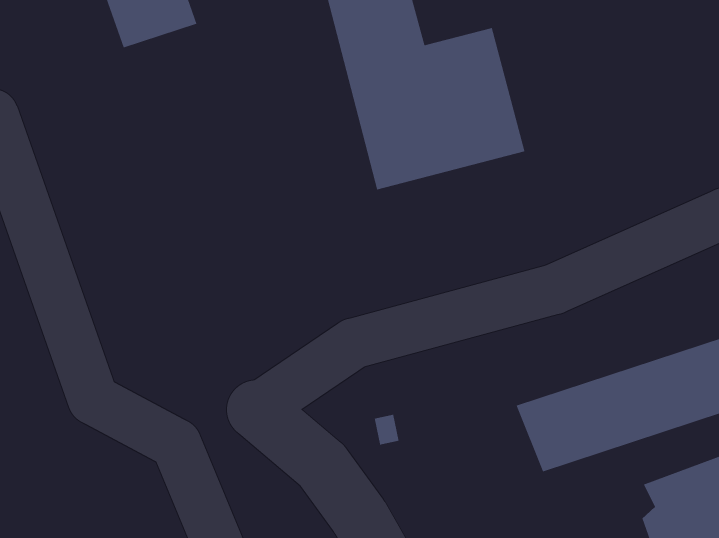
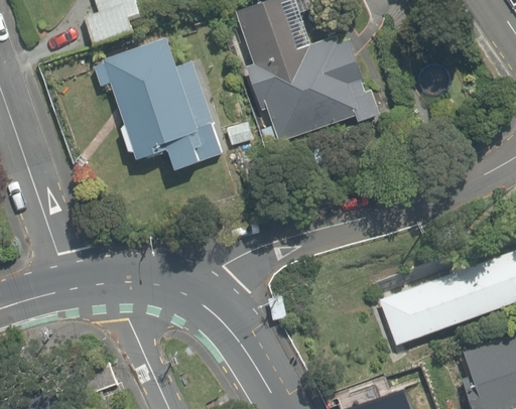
building: none -> [101,34,227,175]

